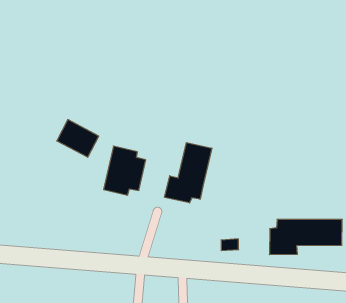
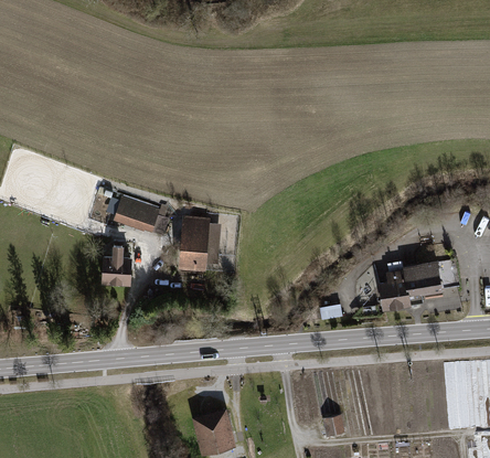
building: [165,143,212,203] -> none
building: none -> [99,246,127,285]

